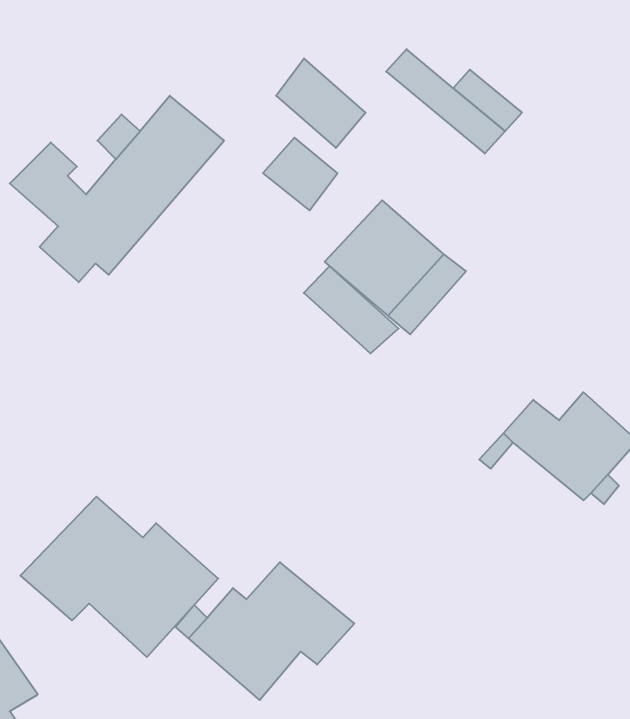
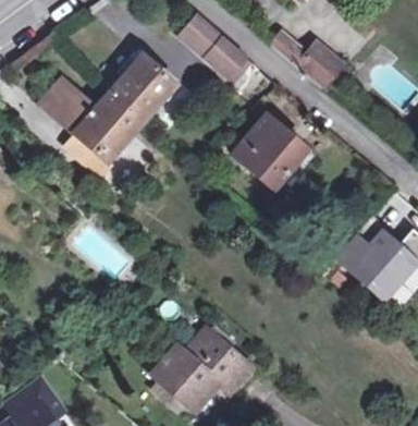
building: [263,138,337,210] -> [177,15,221,58]
building: [304,266,399,354] -> none
building: [20,497,218,657] -> none

